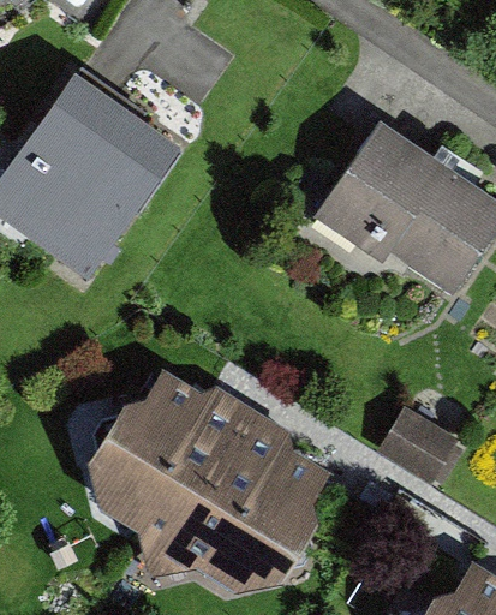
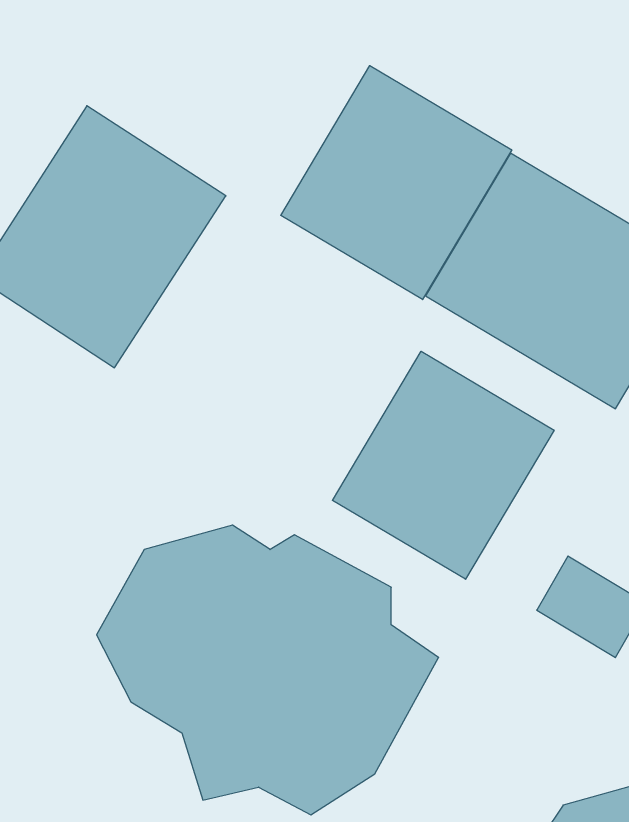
building: none -> [281,66,512,300]
building: none -> [332,351,554,579]

